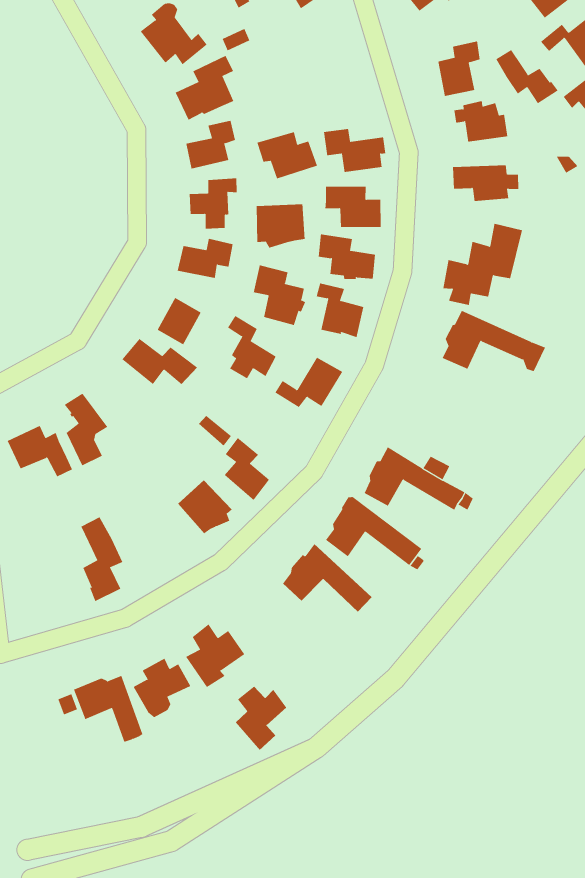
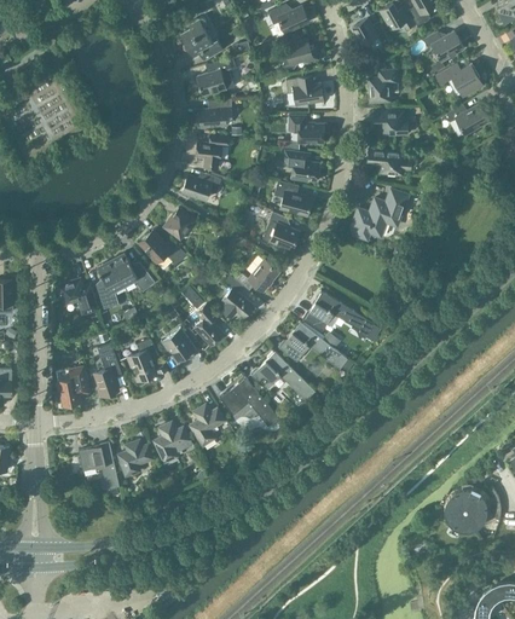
building: none -> [282,36,319,70]
building: [495,49,559,104] -> none
building: [256,132,318,179] -> [285,76,323,105]
building: [256,203,305,249] -> none
building: [253,265,306,326] -> none
building: [442,310,546,372] -> [306,293,374,339]
building: [227,315,276,379] -> [220,274,251,317]
building: none -> [110,254,155,291]
building: none -> [128,340,161,381]
building: none -> [57,366,87,406]
building: [235,686,287,751] -> [189,404,224,446]

